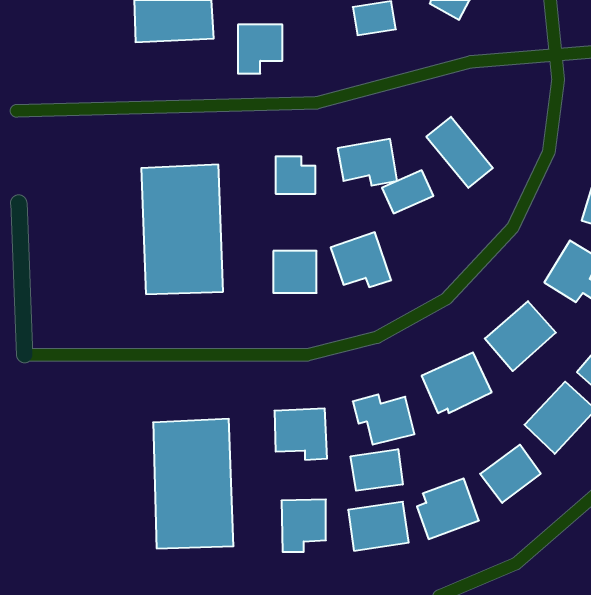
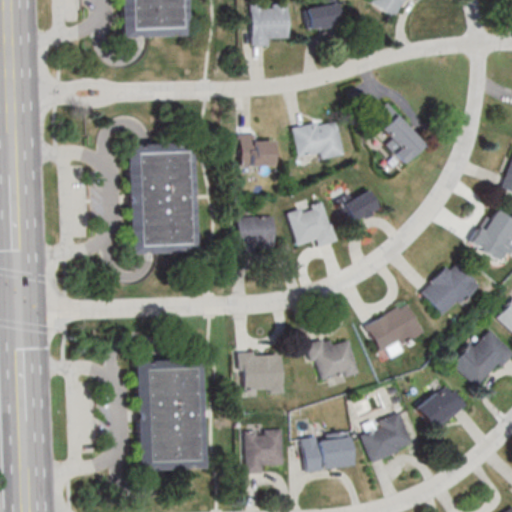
building: [238,25,282,74] -> [253,5,291,47]
building: [382,170,433,213] -> [338,188,382,225]
building: [351,449,403,491] -> none

